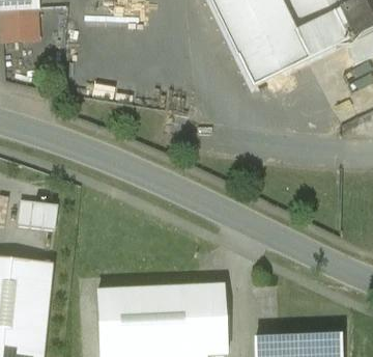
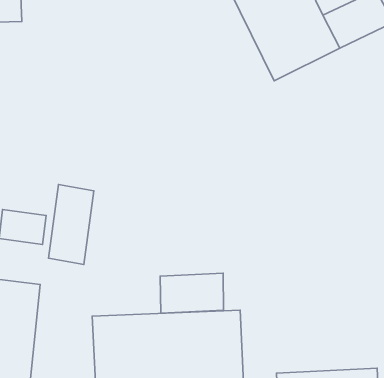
building: none -> [48,184,94,265]
building: none -> [160,273,224,313]

